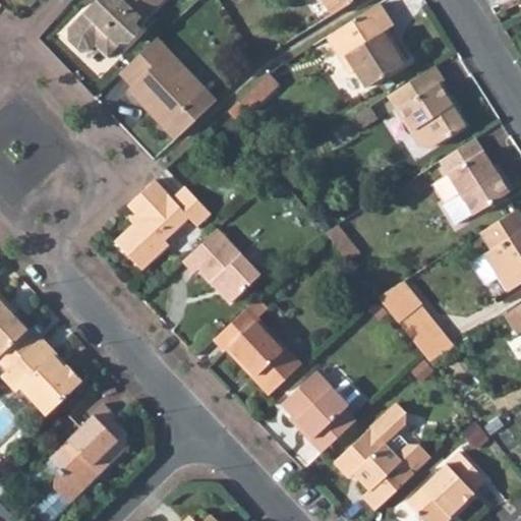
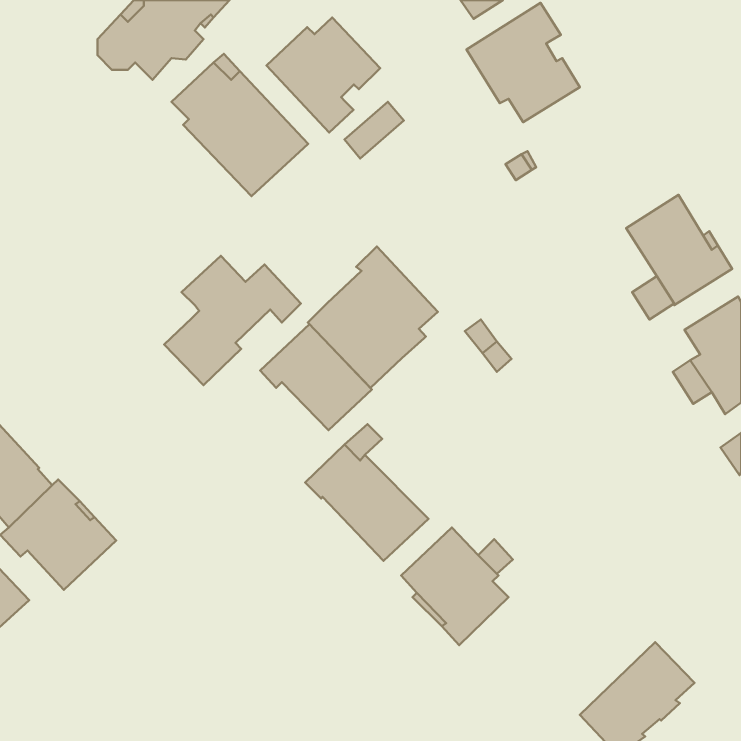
building: none -> [266,18,380,132]
building: [387,65,467,148] -> none
building: none -> [308,246,438,388]
building: [378,282,453,361] -> none
building: [49,404,126,503] -> none
building: [333,411,440,510] -> none

